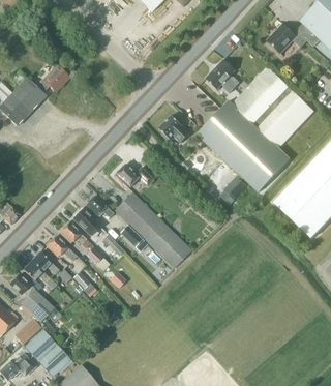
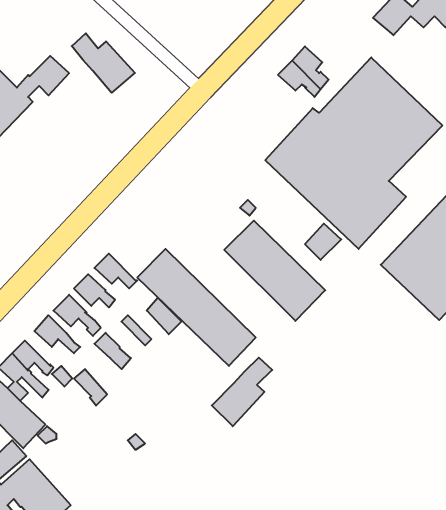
building: none -> [72,33,135,93]
building: [158,114,189,142] -> none
building: [115,164,153,187] -> none
building: none -> [224,221,325,321]
building: none -> [212,358,272,426]

